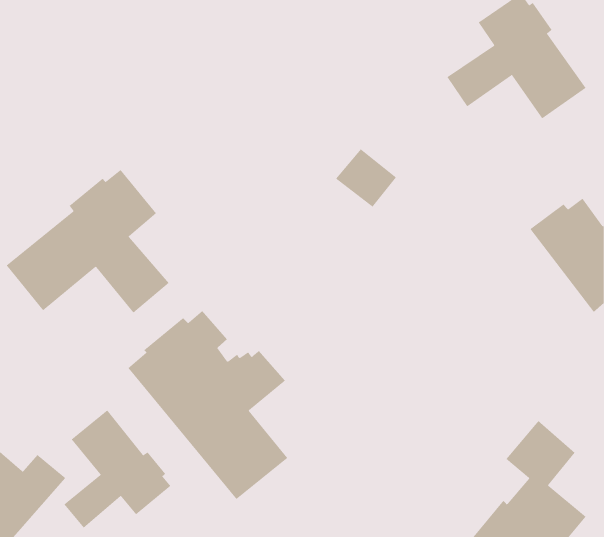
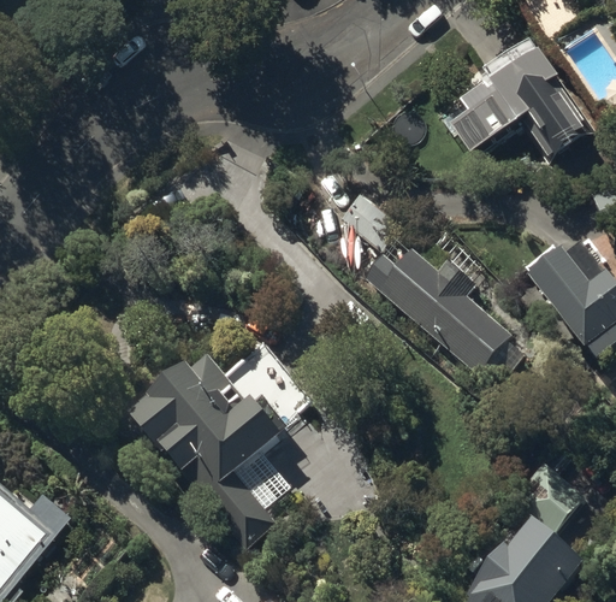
building: [6,169,170,314] -> none
building: none -> [375,248,508,373]
building: [64,410,171,528] -> none

